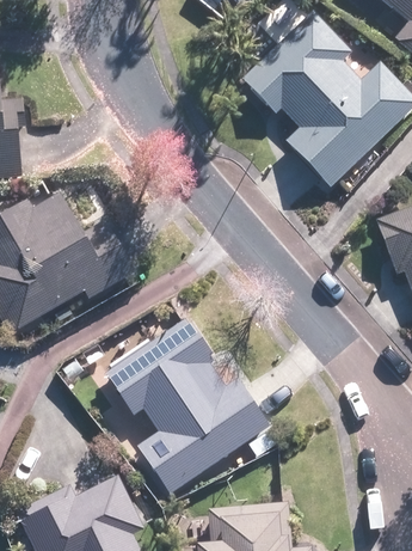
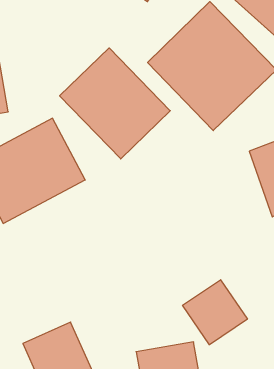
building: none -> [60,48,170,159]
building: [100,322,262,489] -> none
building: none -> [183,280,247,345]

